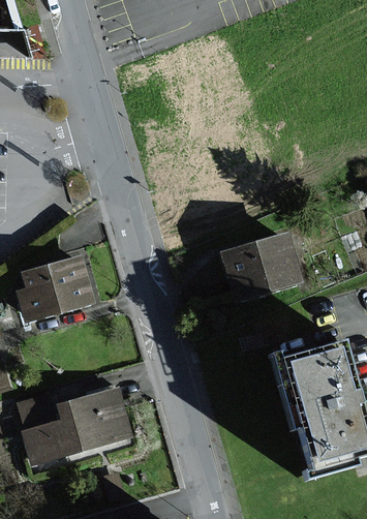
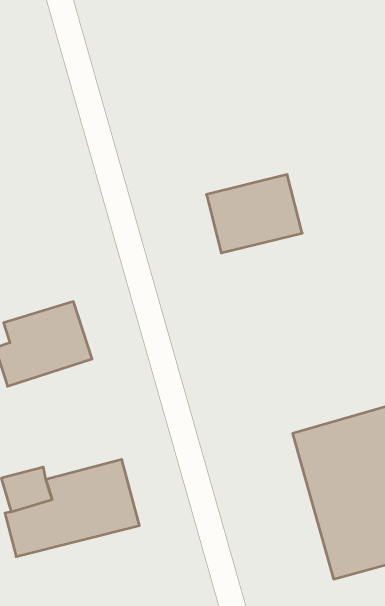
building: [222,235,302,300] -> [206,175,302,253]

